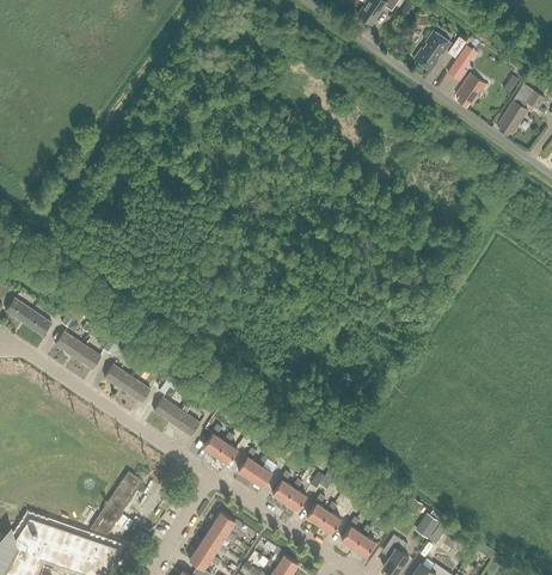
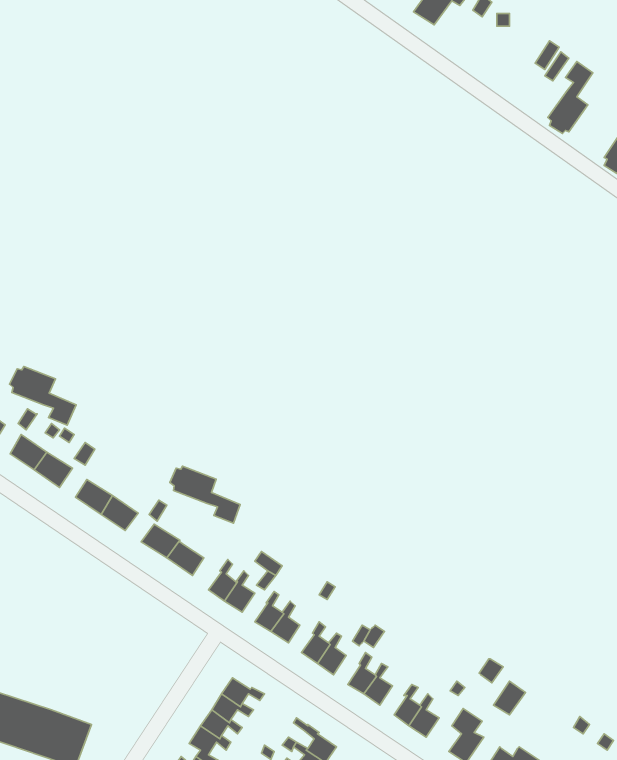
building: [412,30,449,71] -> none
building: none -> [9,366,76,425]
building: none -> [170,466,240,523]
building: [90,471,142,533] -> none

